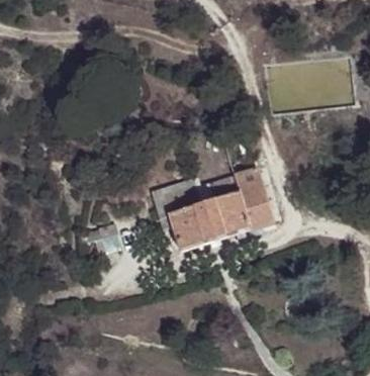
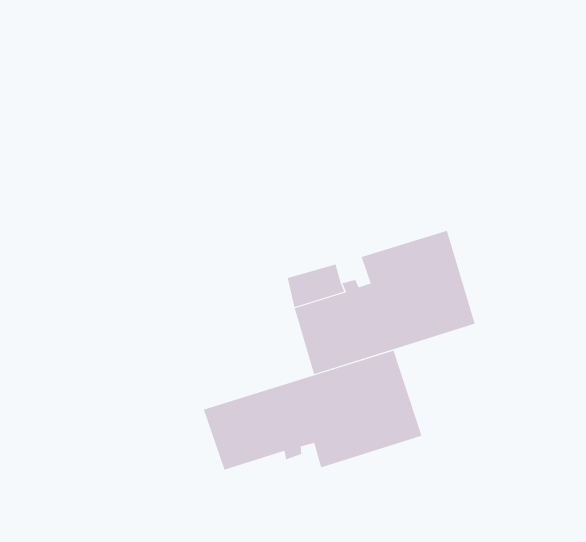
building: none -> [203,350,422,470]

